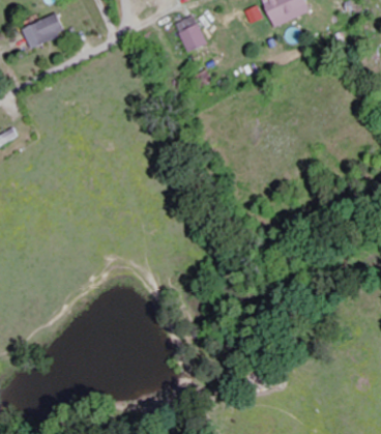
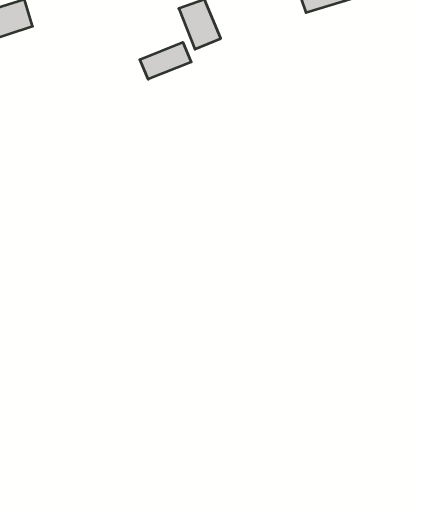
building: none -> [140,42,191,79]

